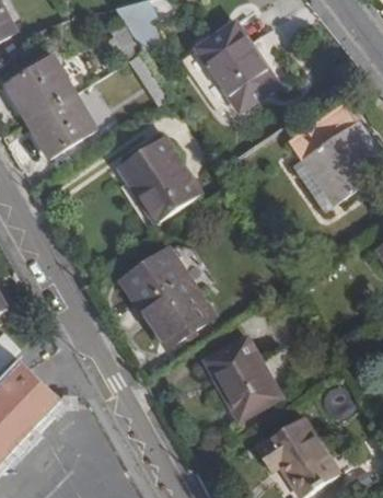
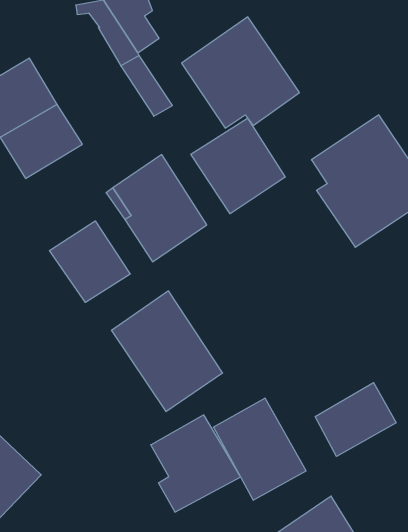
building: none -> [191,118,285,214]
building: none -> [50,221,130,302]
building: none -> [315,383,396,456]
building: none -> [151,415,241,512]

